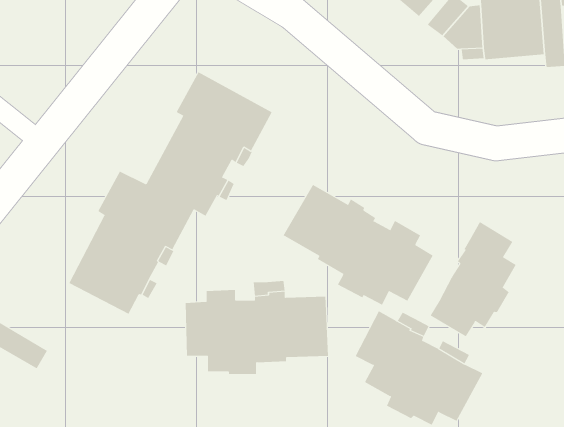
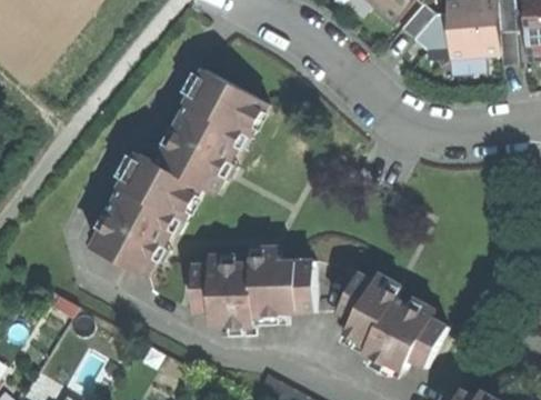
building: [283,184,434,306] -> none
building: [430,221,516,337] -> none

